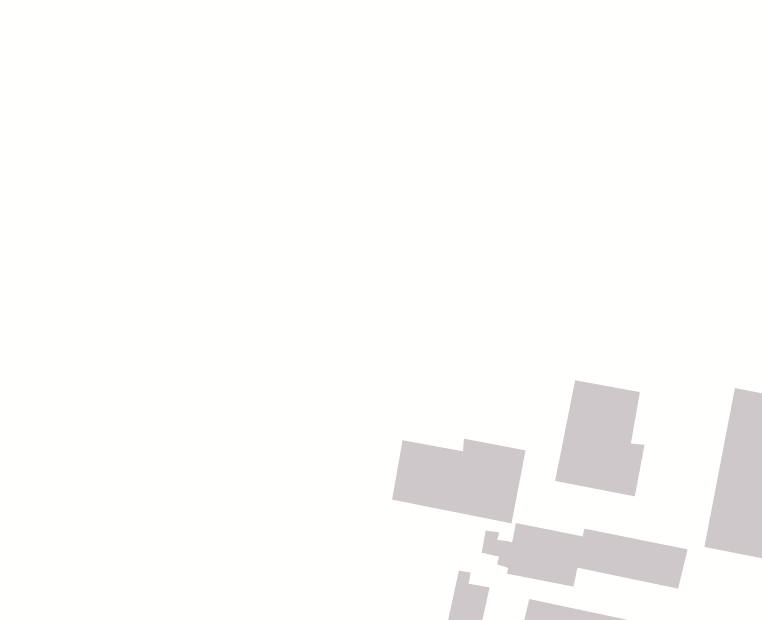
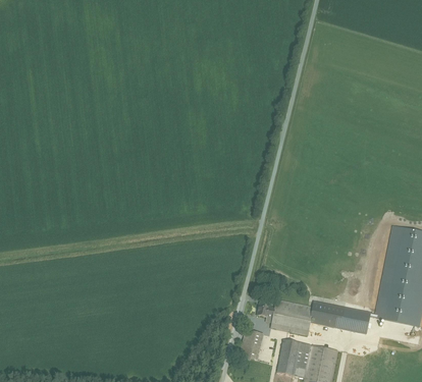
building: [555,380,645,497] -> none
building: [391,438,526,524] -> none

